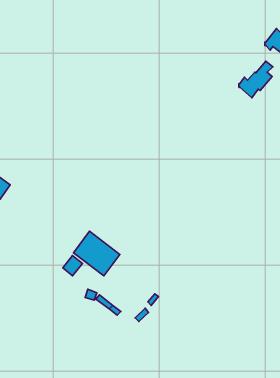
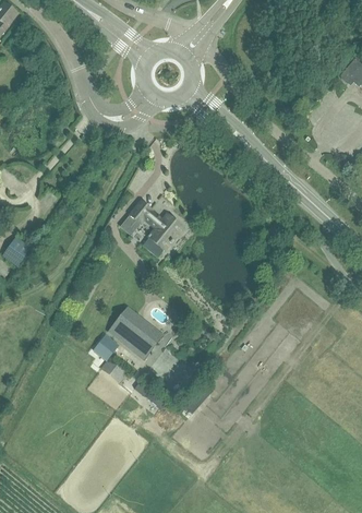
building: [239,61,273,98] -> none
building: none -> [121,200,181,248]

